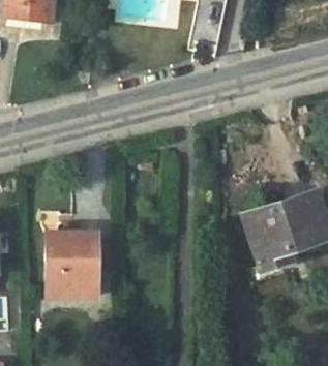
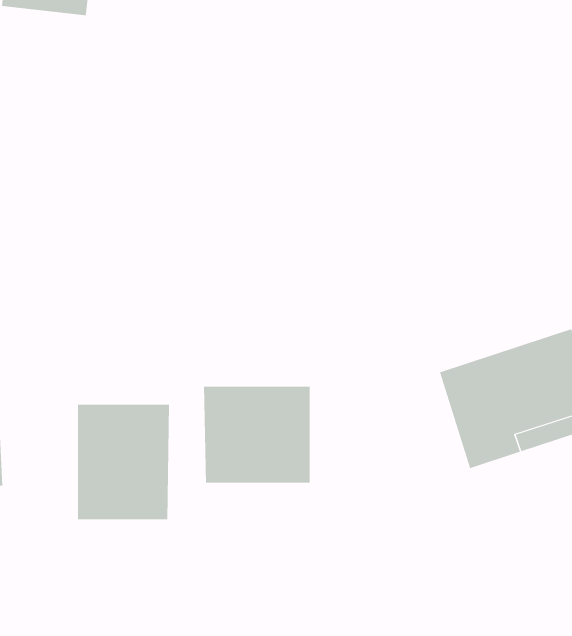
building: none -> [203,386,310,483]

